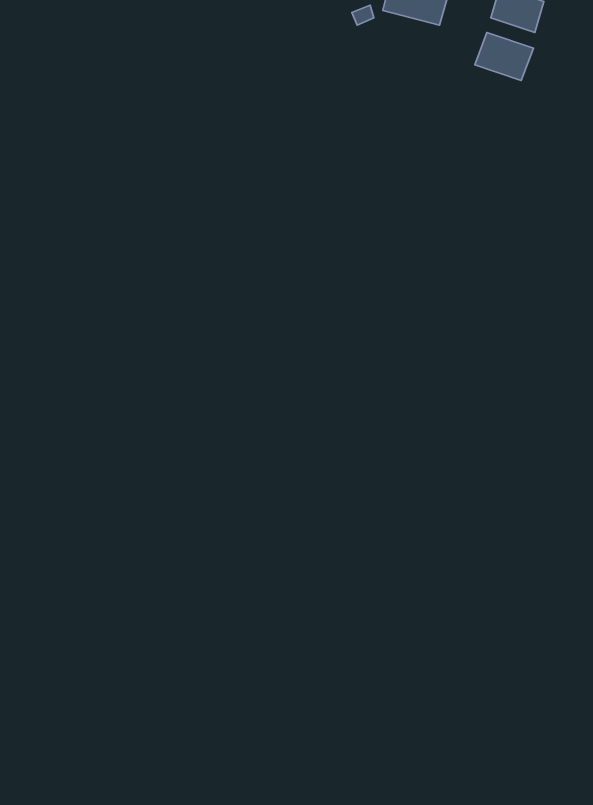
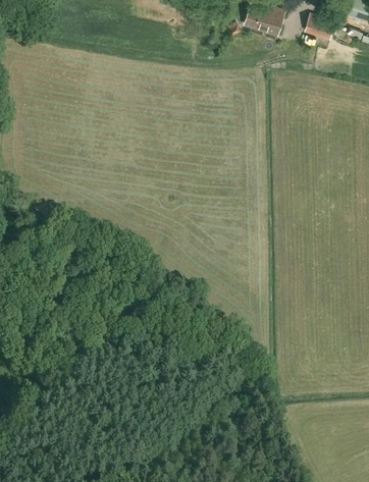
building: [475,33,533,80] -> none

